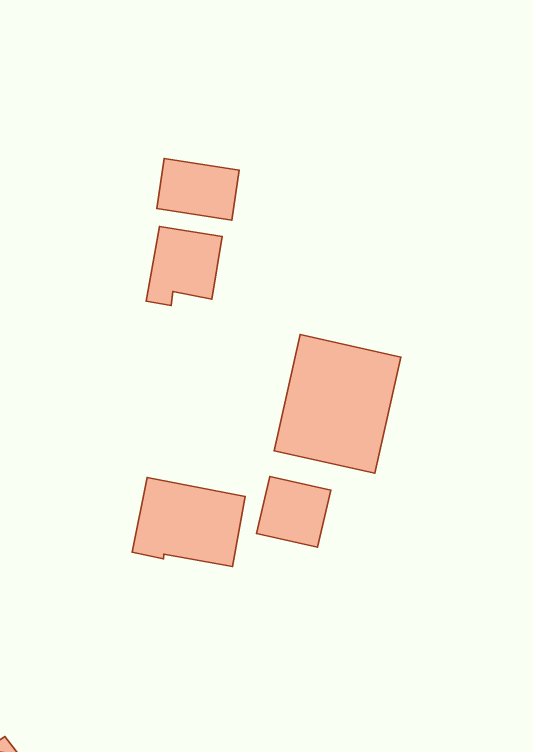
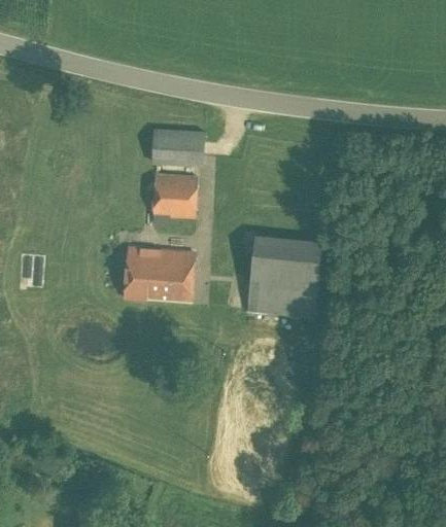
building: [257,477,331,547] -> none
building: [132,477,245,567] -> [125,248,194,300]

